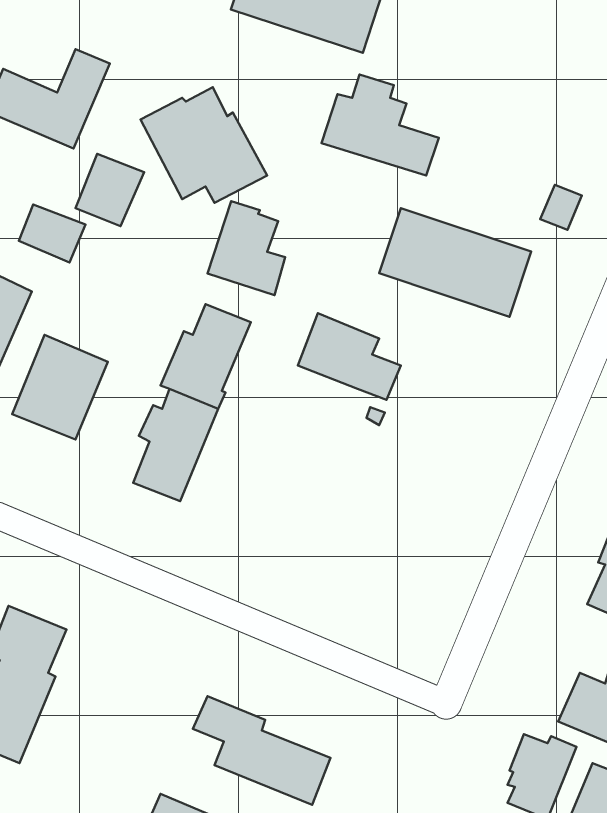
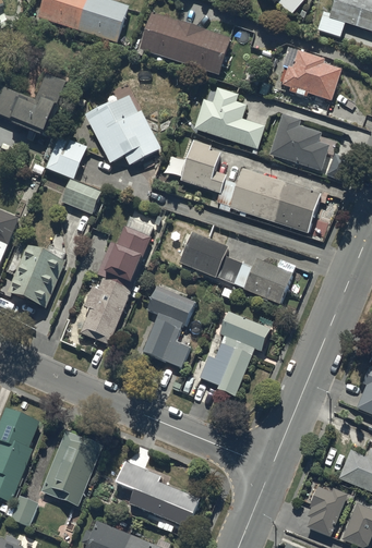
building: none -> [281,50,341,100]
building: none -> [269,113,329,170]
building: [208,201,285,295] -> [179,141,226,197]
building: [19,205,86,262] -> [61,179,101,214]
building: none -> [233,258,292,304]
building: none -> [143,287,195,367]
building: none -> [200,312,271,397]
building: none -> [41,431,103,506]
building: none -> [11,496,38,526]

